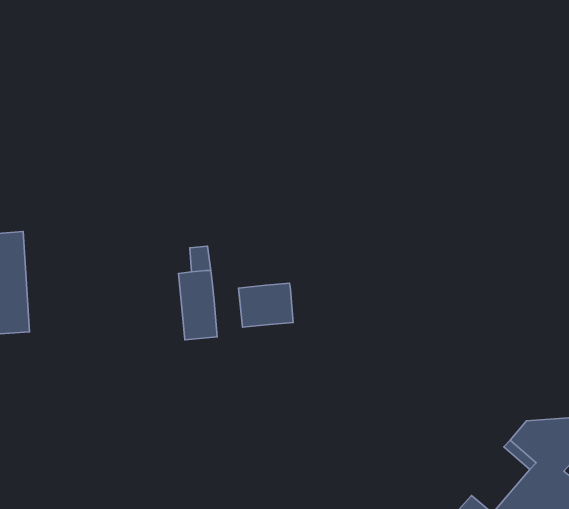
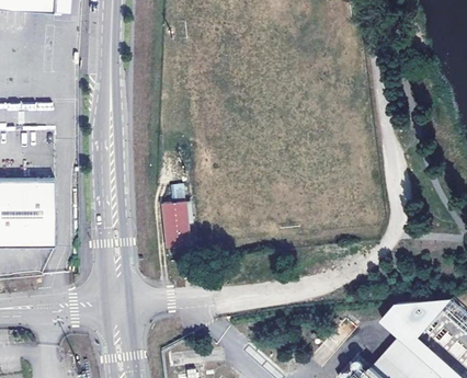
building: [239,283,293,327] -> none

